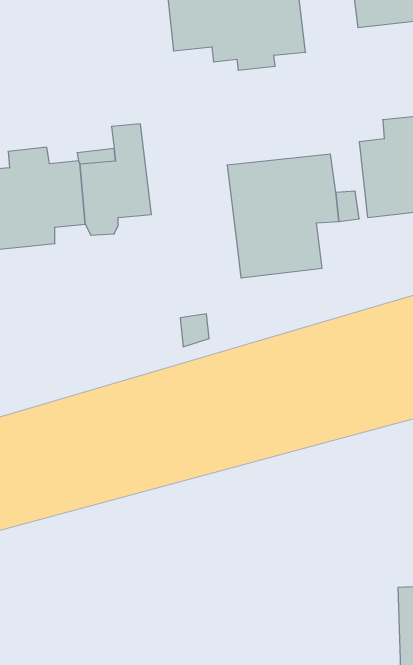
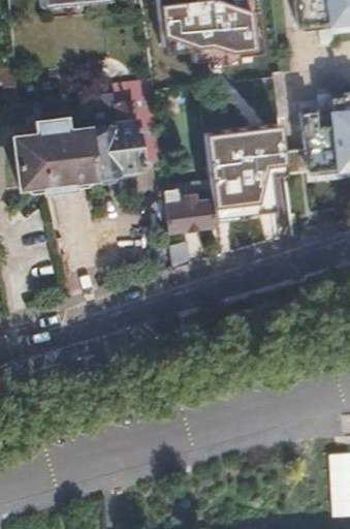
building: none -> [162,187,215,231]

